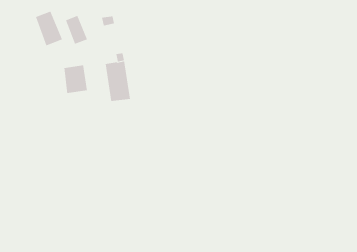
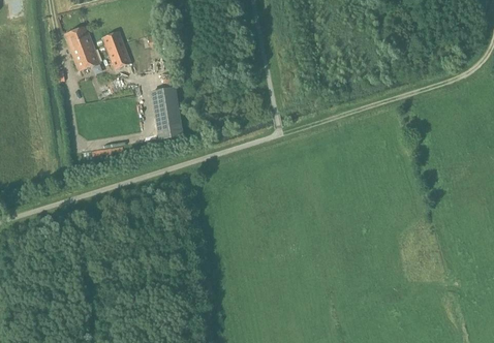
building: [64,64,87,94] -> none

